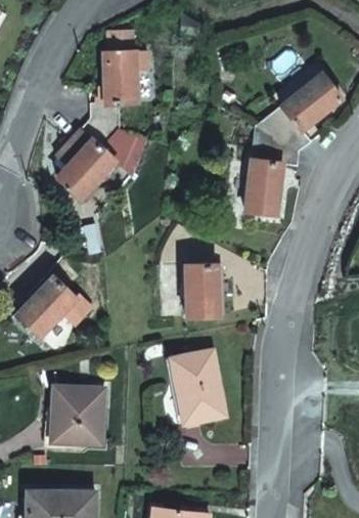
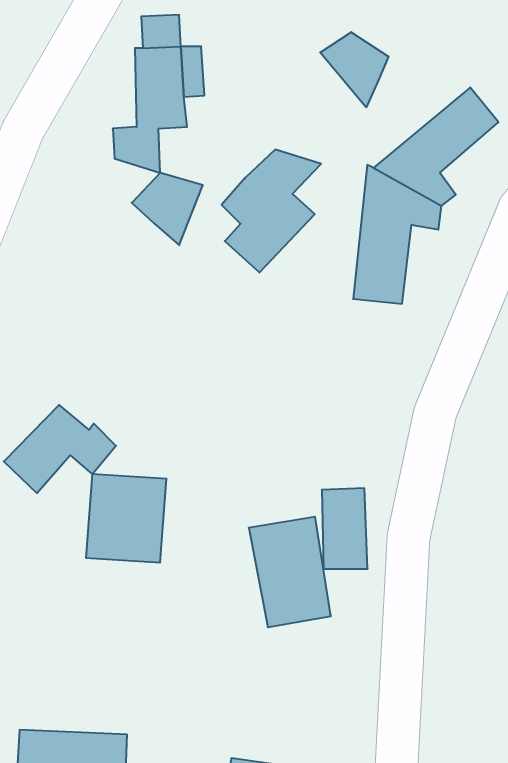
building: none -> [320,32,388,107]
building: [54,119,119,199] -> [222,150,321,273]
building: [188,264,218,316] -> [322,488,368,569]
building: [54,384,106,441] -> [86,474,167,562]

